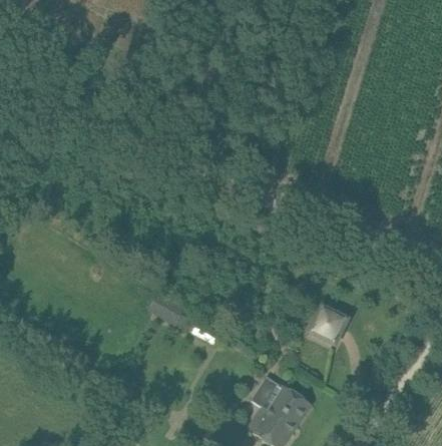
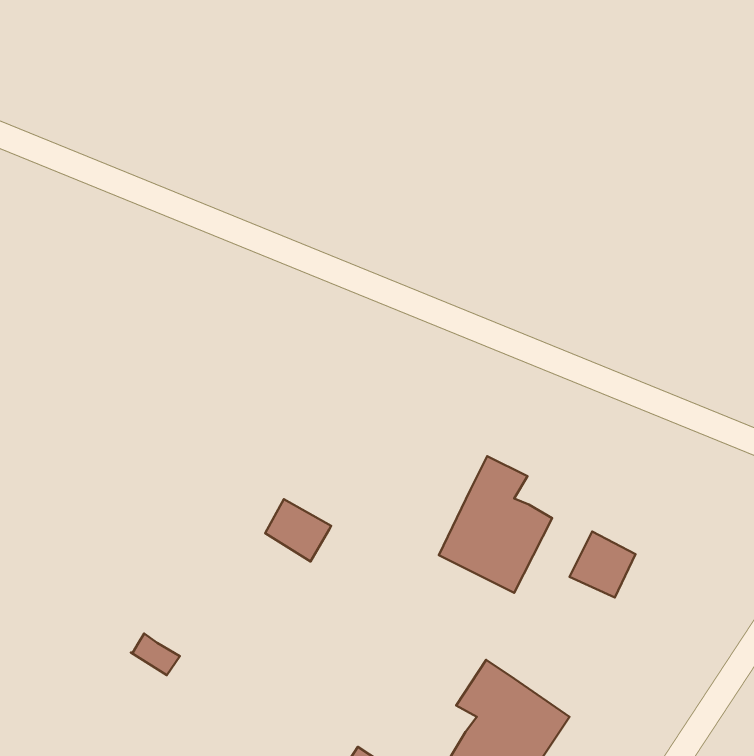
building: none -> [439,456,552,593]

